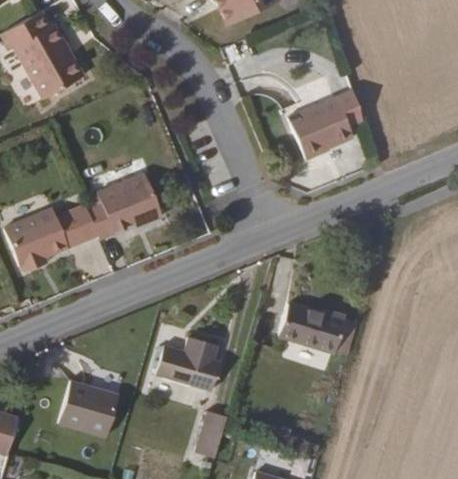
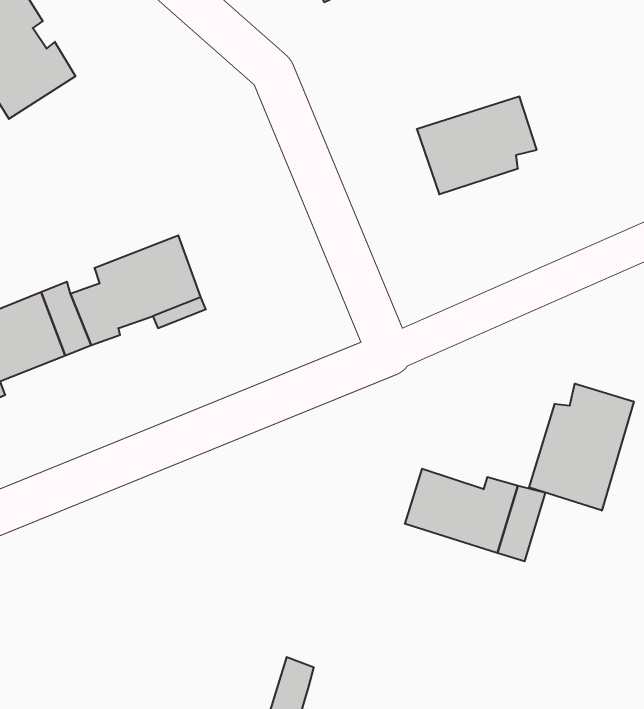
building: none -> [529,384,634,511]
building: [156,338,224,396] -> none
building: [57,382,117,438] -> none

